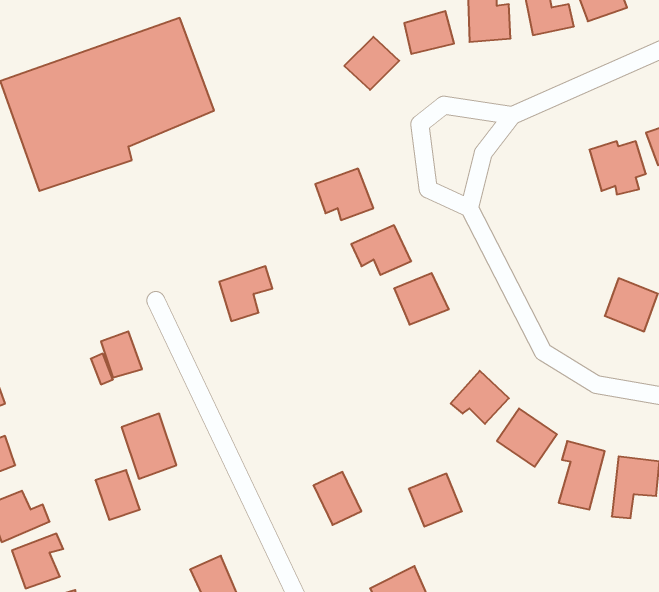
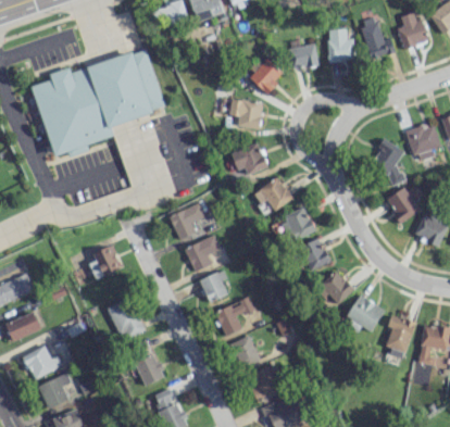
building: none -> [228,99,262,129]
building: none -> [368,139,404,183]
building: none -> [385,186,420,223]
building: none -> [184,236,220,274]
building: none -> [299,238,329,271]
building: none -> [199,269,227,302]
building: none -> [215,297,255,336]
building: [95,470,140,520] -> [135,354,163,386]
building: [409,474,462,527] -> [247,365,280,399]

